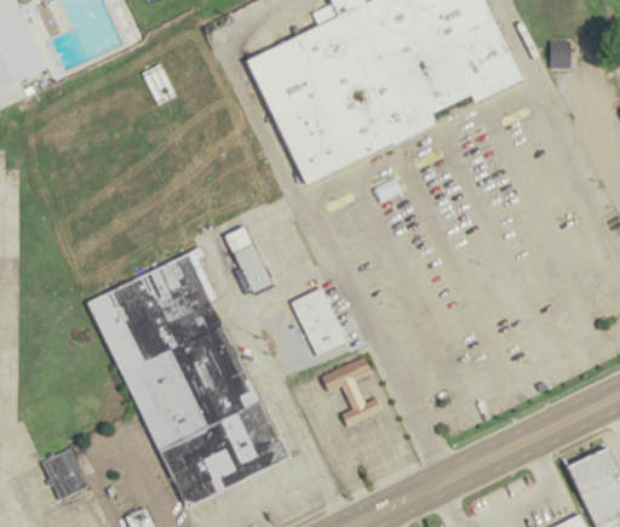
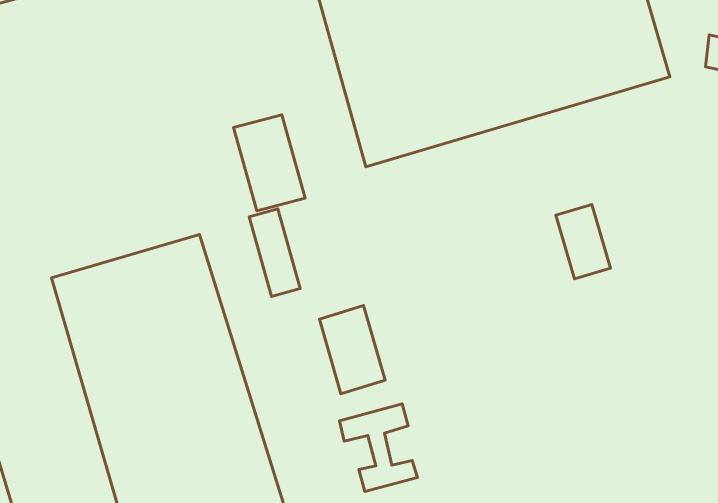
building: none -> [233,115,305,211]
building: none -> [556,204,611,279]

